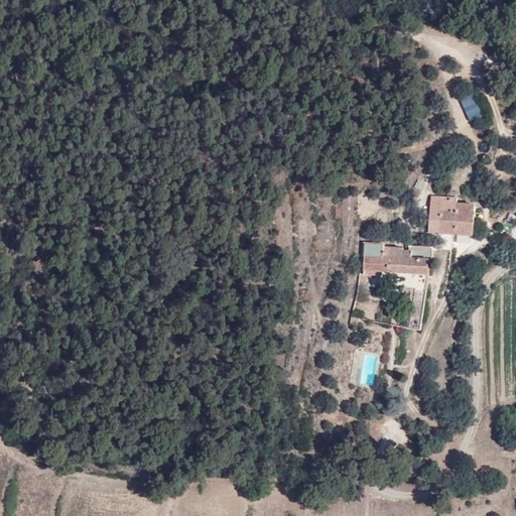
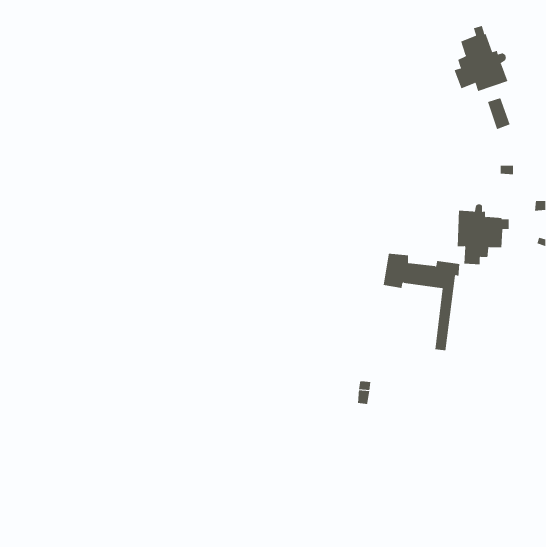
building: none -> [454,25,508,92]

